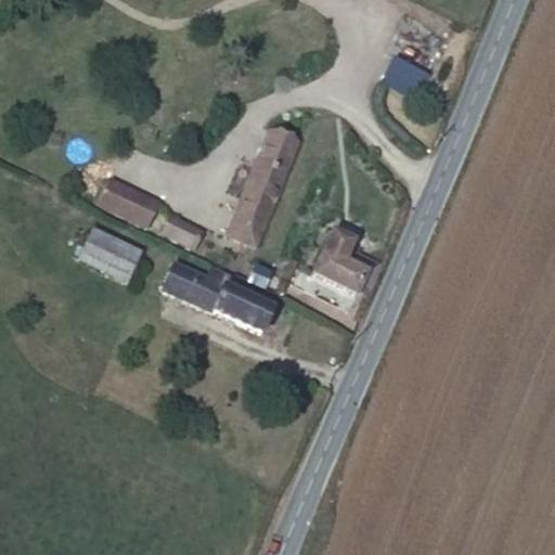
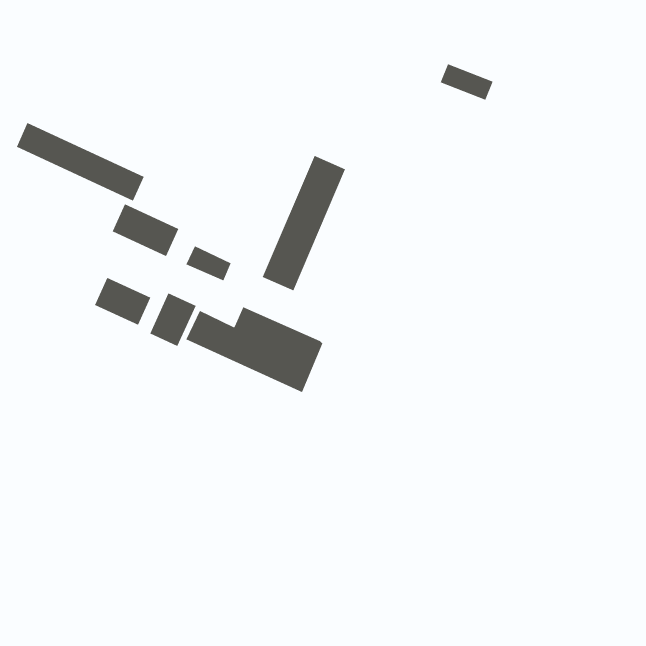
building: none -> [16,122,144,202]
building: [310,233,371,296] -> none
building: none -> [149,292,196,347]

